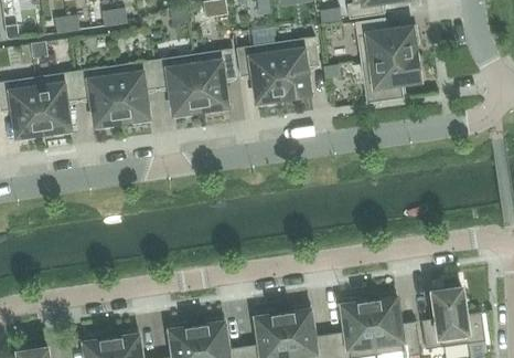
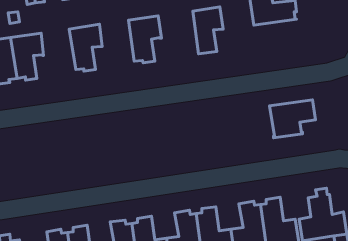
building: [236,42,286,105] -> none
building: [360,53,421,104] -> [269,100,316,138]
building: [153,54,200,117] -> none
building: [75,66,121,128] -> none

